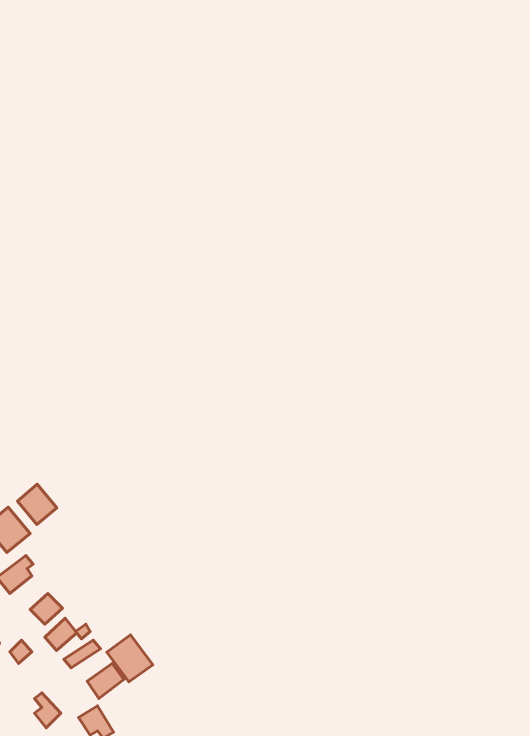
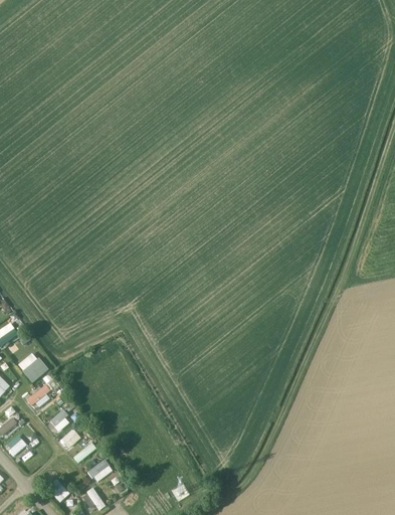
building: [17,484,57,525] -> none
building: [107,635,153,682] -> none

